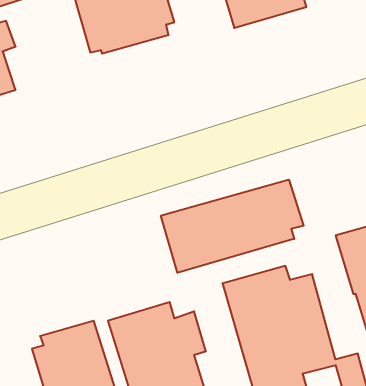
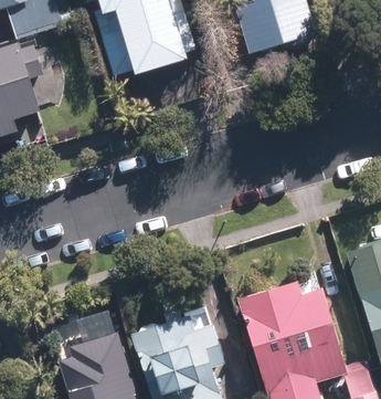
building: [161,180,304,273] -> none

